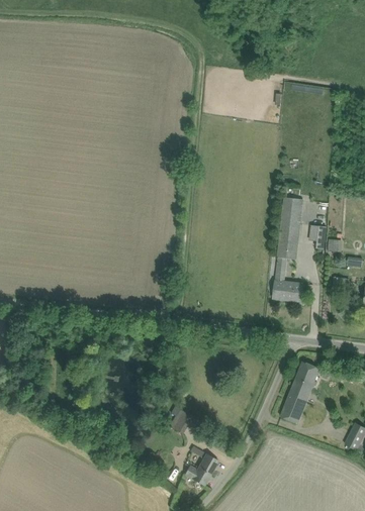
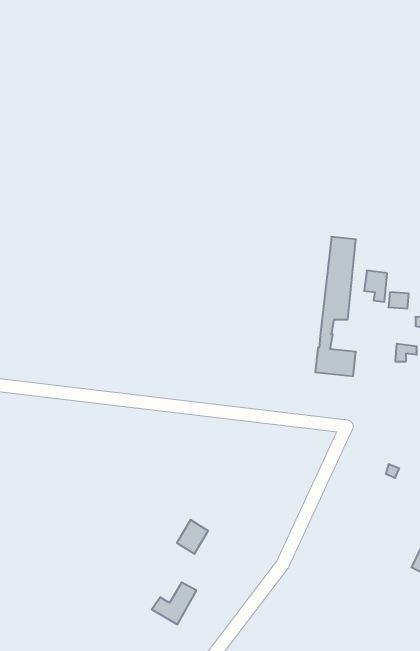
building: [280,361,318,422] -> none
building: [184,453,217,485] -> [152,582,196,624]

